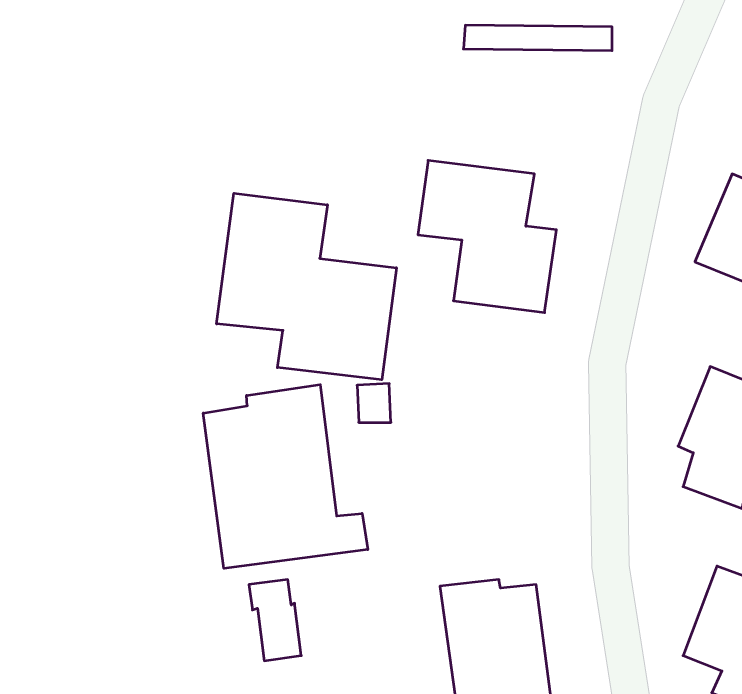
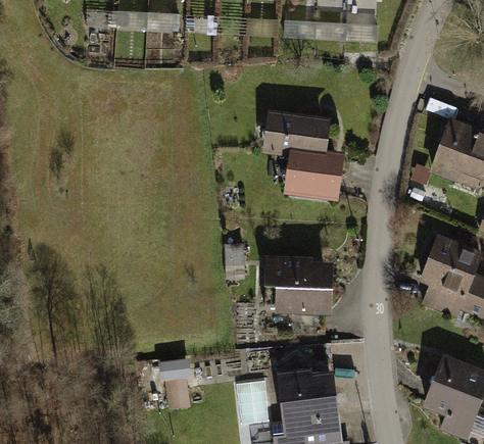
building: [217,193,396,380] -> none
building: [203,385,368,568] -> none
building: none -> [263,254,332,313]

